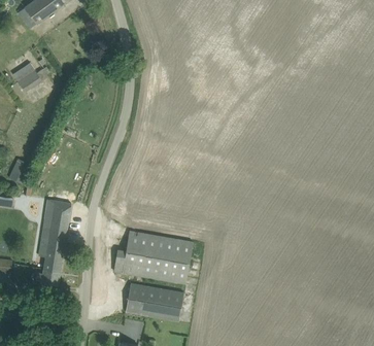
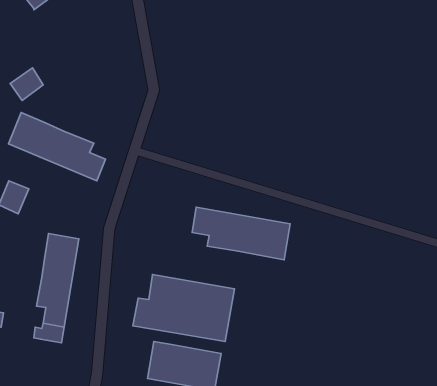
building: none -> [8,113,105,181]
building: none -> [192,207,290,260]

